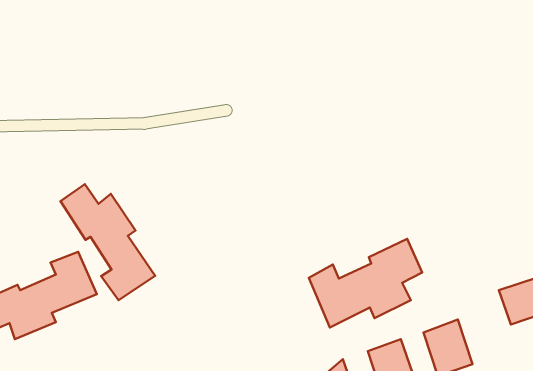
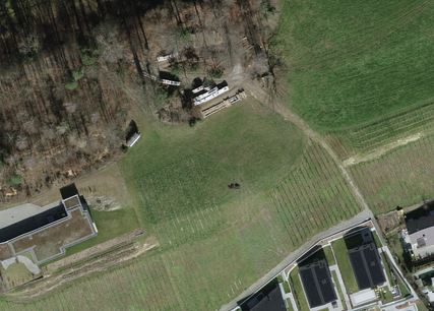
building: [60,184,155,300] -> none
building: [309,239,422,328] -> none

